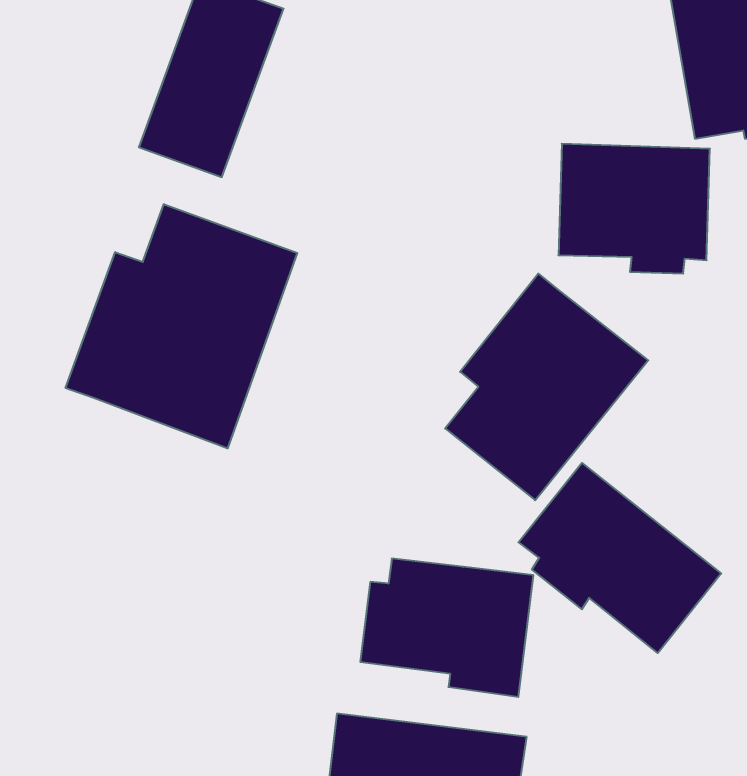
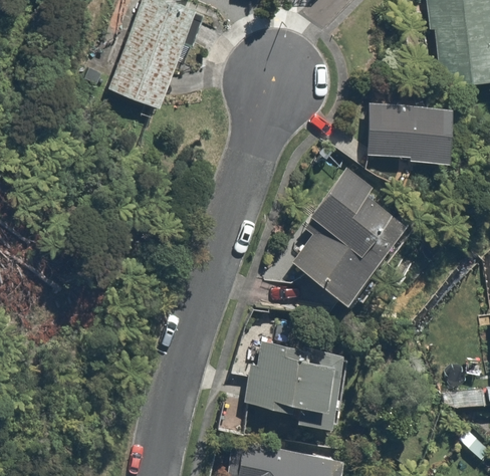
building: [66,204,297,448] -> none
building: [518,463,721,653] -> none

